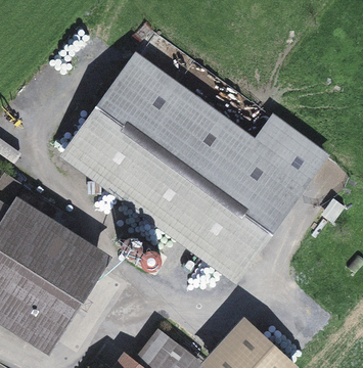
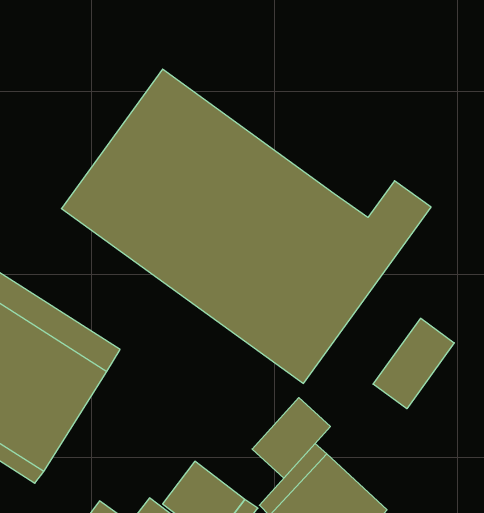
building: [258,119,300,160] -> none
building: none -> [373,318,454,409]
building: none -> [252,398,330,478]

